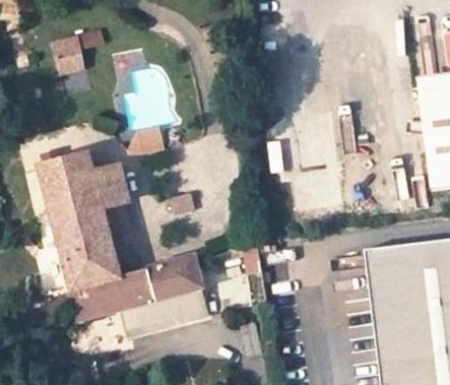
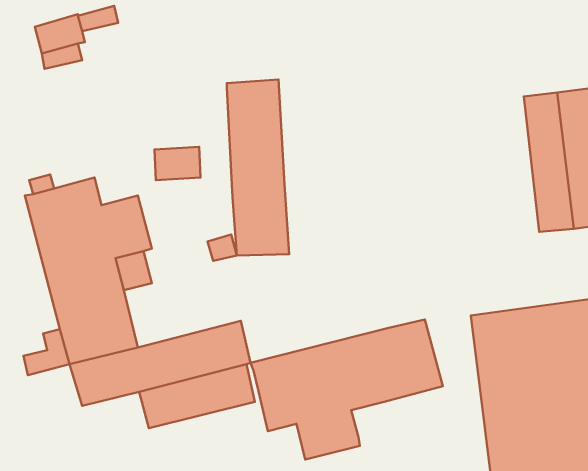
building: none -> [227,79,289,255]
building: none -> [251,319,443,459]

